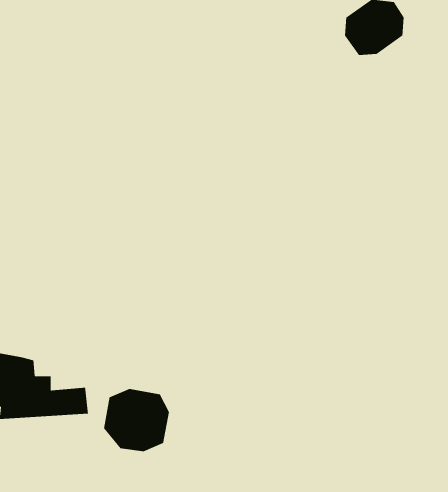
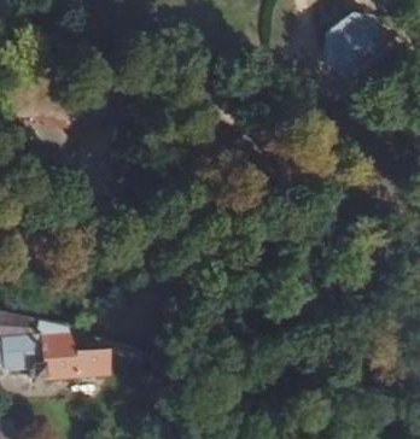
building: [103,388,170,452] -> none

